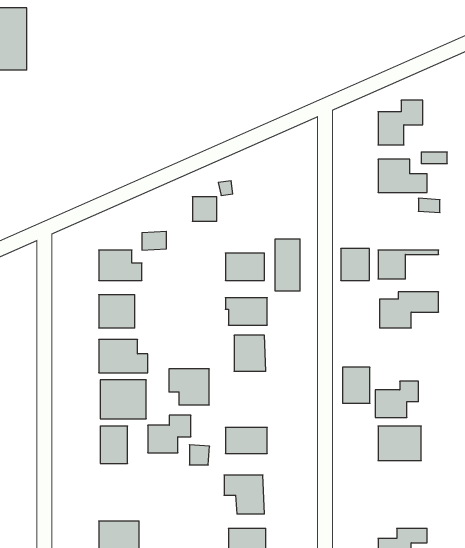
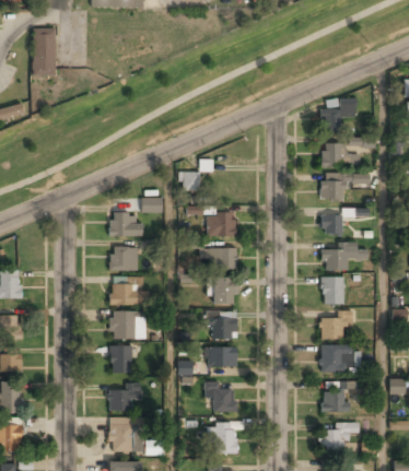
building: [275,239,300,291] -> none
building: [341,249,369,280] -> [322,176,343,200]
building: [343,367,370,403] -> [323,276,343,304]
building: [169,369,209,405] -> [207,310,237,338]
building: [148,415,191,453] -> [108,382,141,411]
building: none -> [323,382,354,412]

